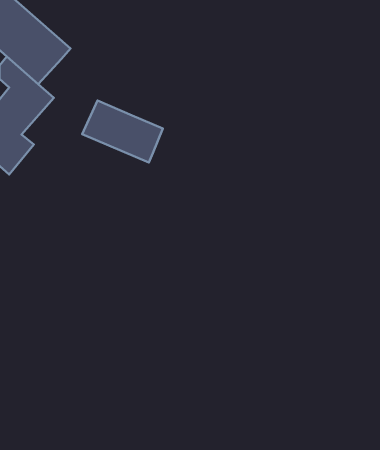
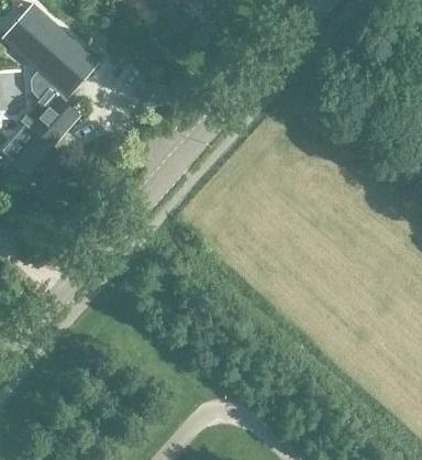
building: [82,100,163,163] -> none

